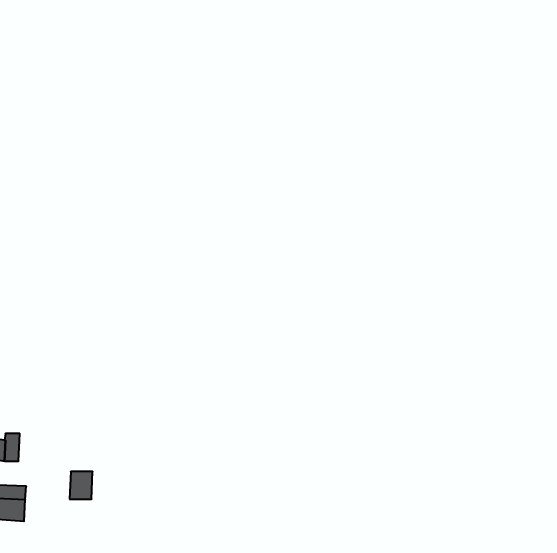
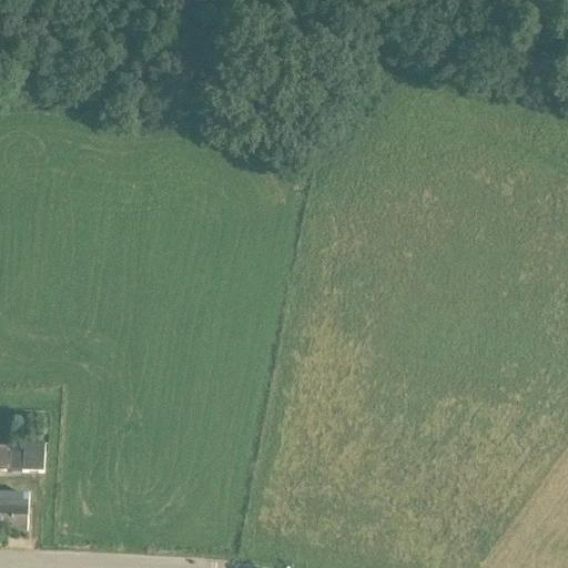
building: [70,472,93,499] -> [19,439,42,467]

